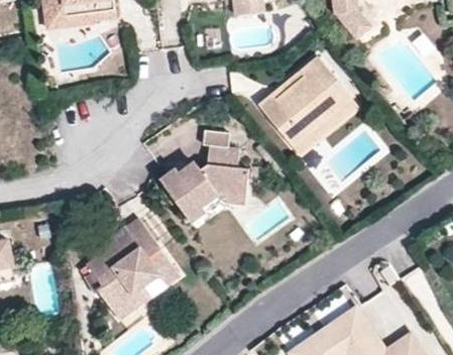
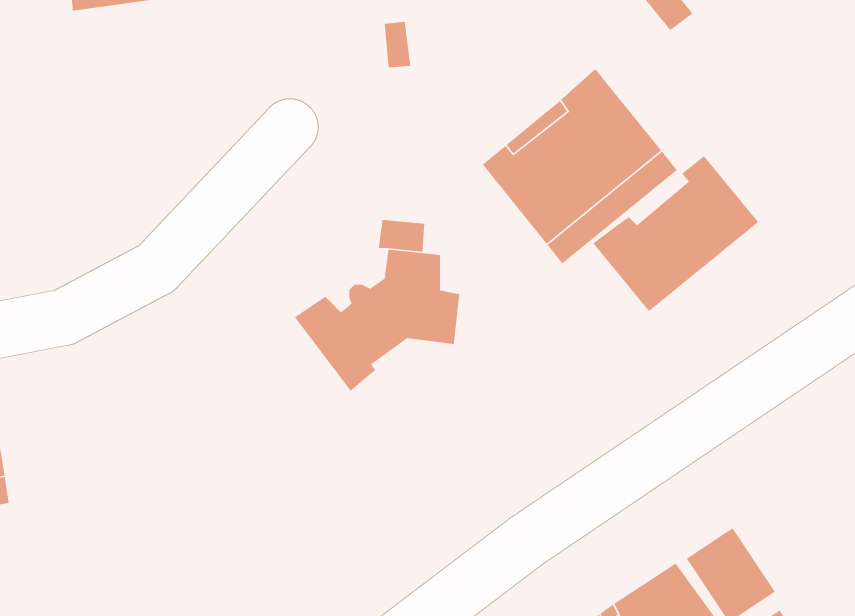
building: none -> [592,155,759,312]
building: [84,218,178,319] -> none

